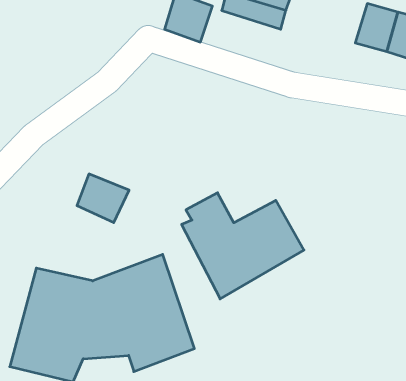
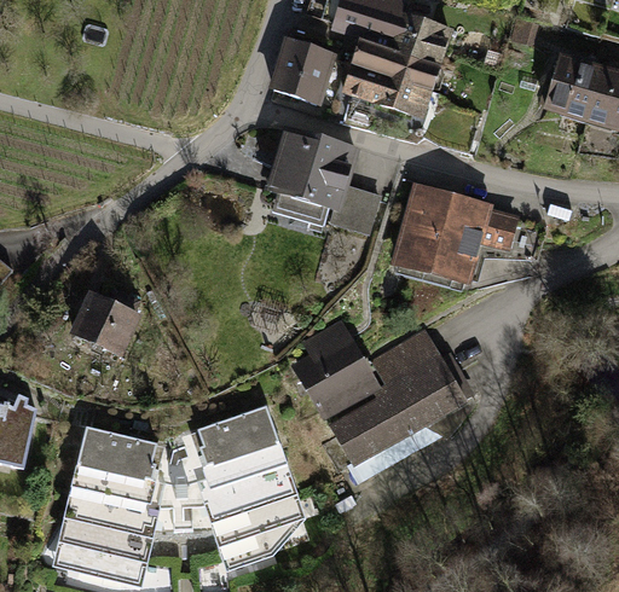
building: none -> [340,62,434,120]
building: none -> [265,124,382,237]
building: none -> [394,184,521,283]
building: [77,174,129,223] -> [69,288,143,356]

